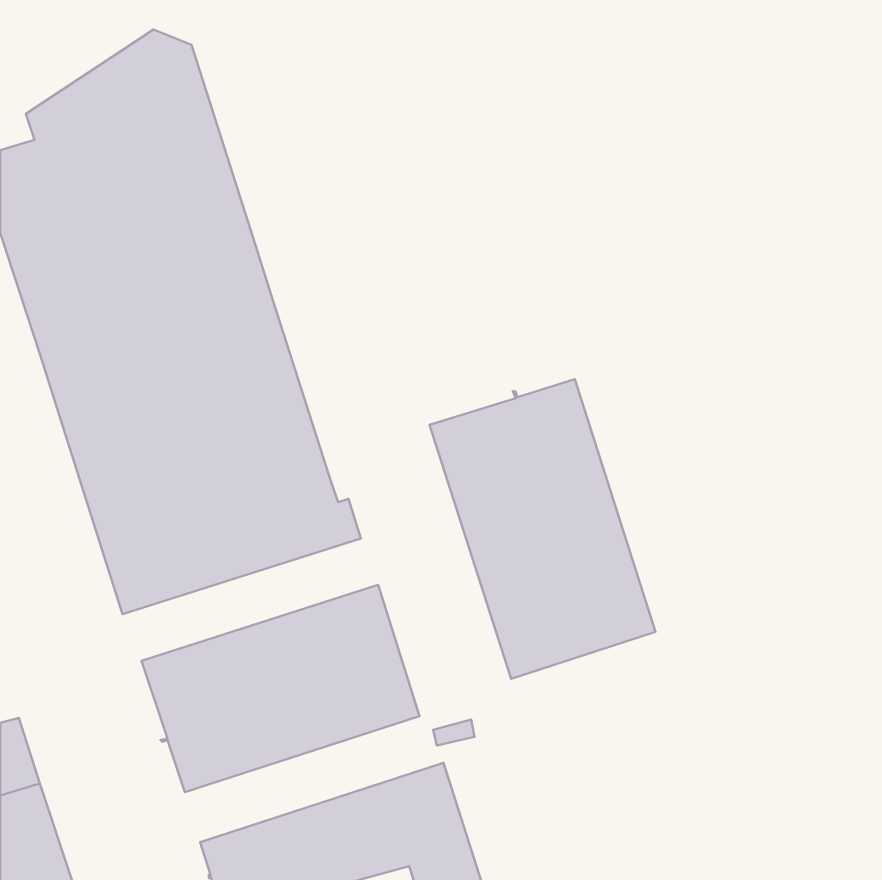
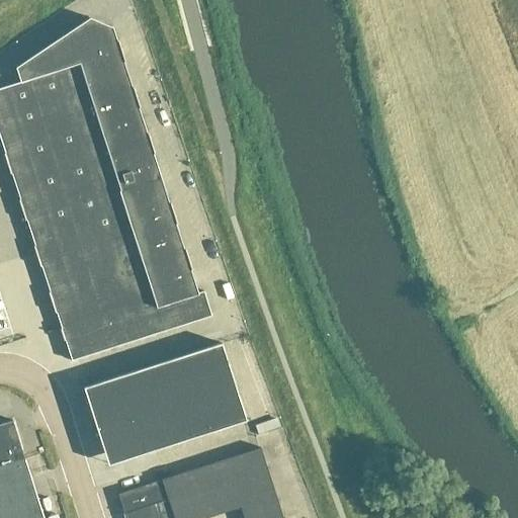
building: [430,379,655,679] -> none

